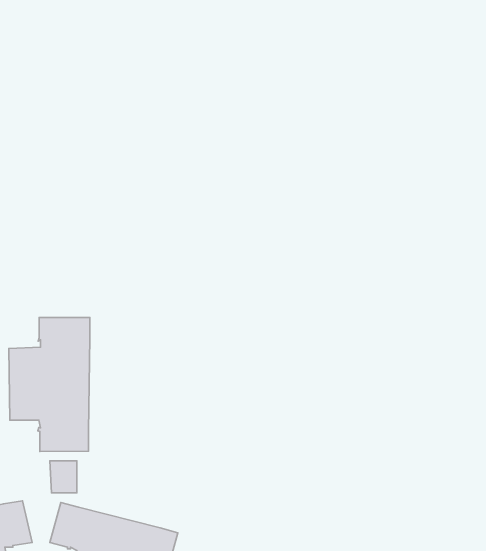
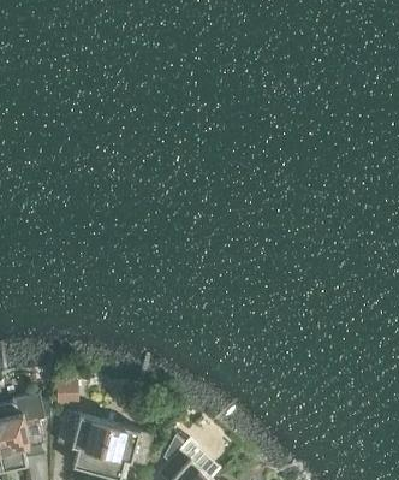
building: [9,318,90,452] -> none

